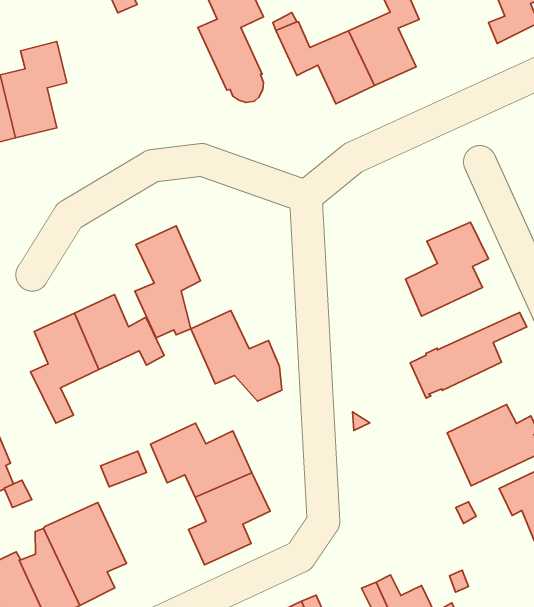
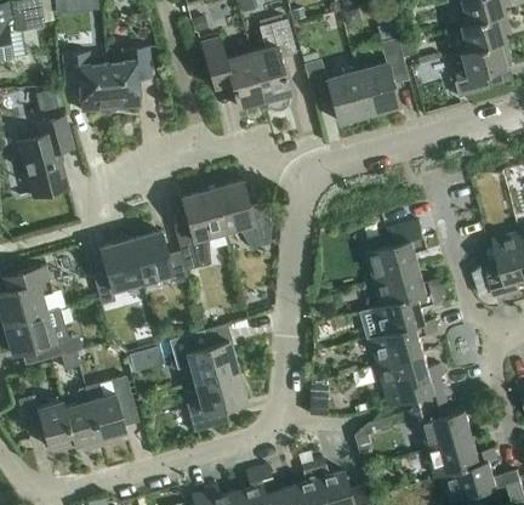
building: none -> [201,38,263,108]
building: none -> [375,268,444,307]
building: [191,310,282,401] -> [212,182,270,249]
building: none -> [371,320,438,367]

